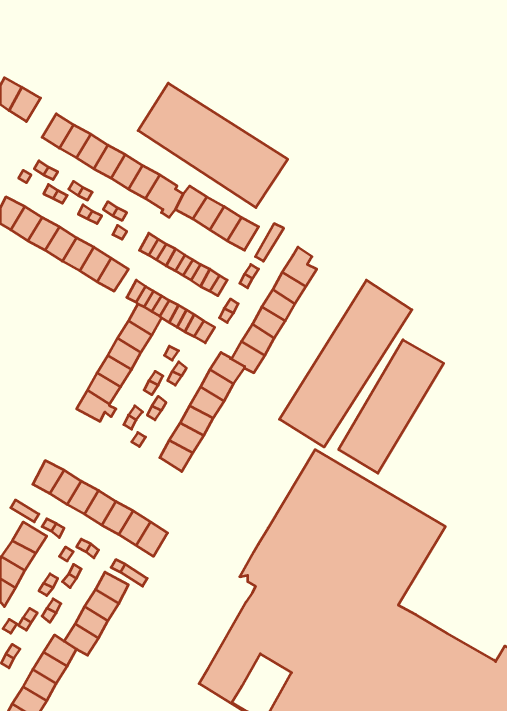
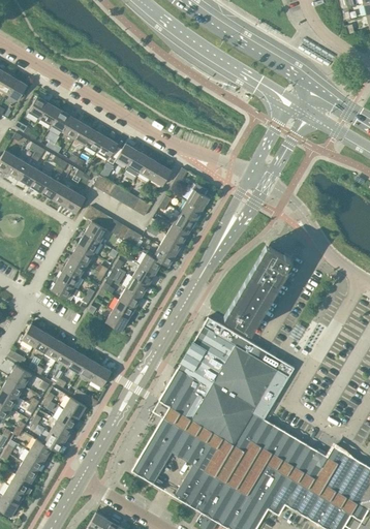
building: [138,83,288,208] -> none
building: [279,280,412,447] -> none

